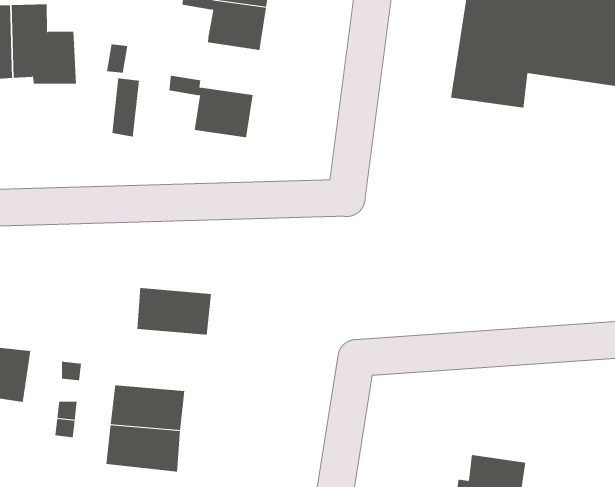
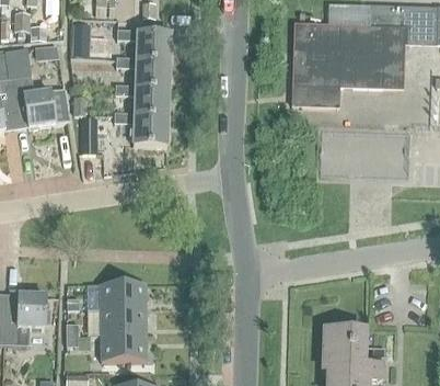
building: none -> [115,83,169,117]
building: [137,288,212,335] -> [100,282,146,309]

